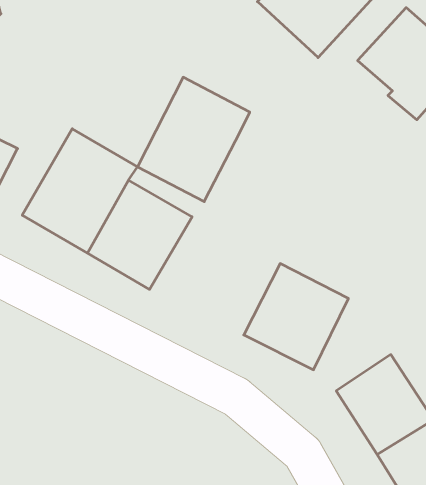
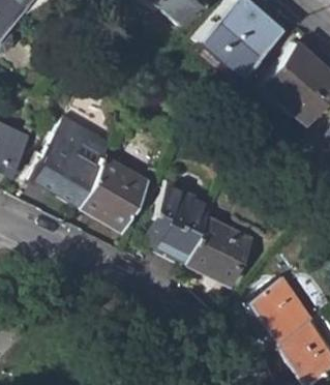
building: [138,77,250,202] -> [141,180,217,265]

